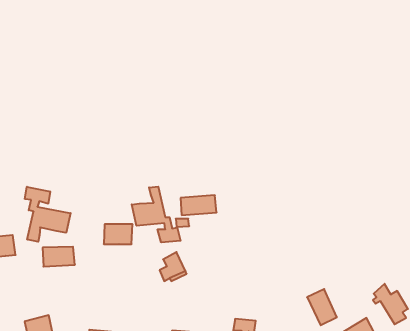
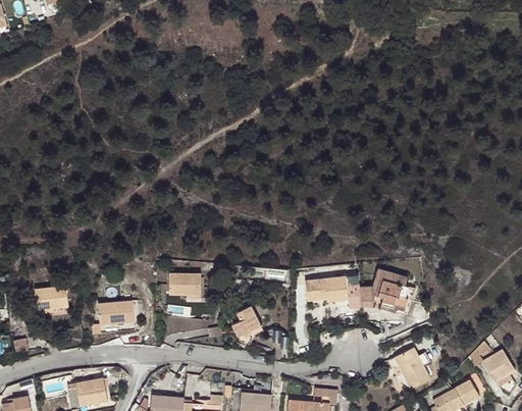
building: [132,187,181,242] -> none
building: [25,187,71,242] -> none
building: [181,195,217,215] -> [307,273,348,296]
building: none -> [360,267,410,313]

